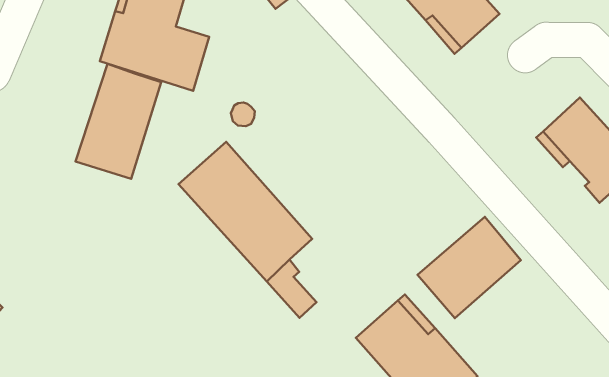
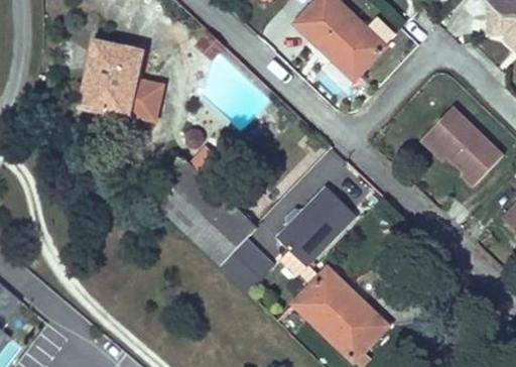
building: [76,64,161,179] -> none
building: [417,217,521,318] -> [279,185,358,264]

